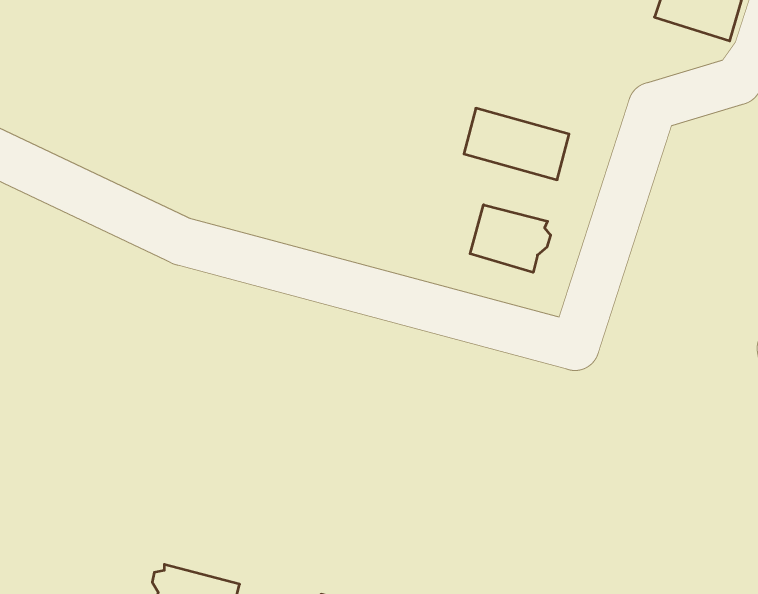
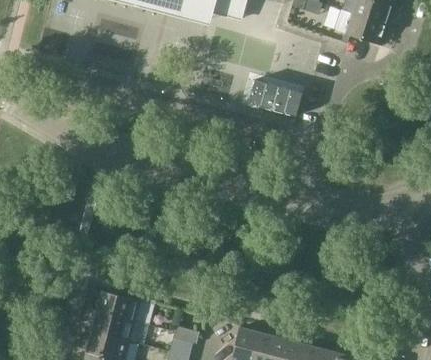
building: [470,205,551,272] -> none
building: none -> [96,291,140,321]

